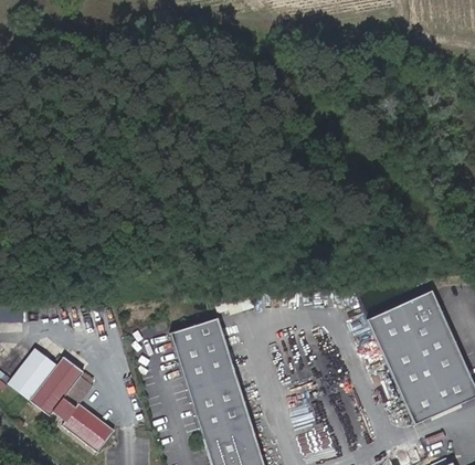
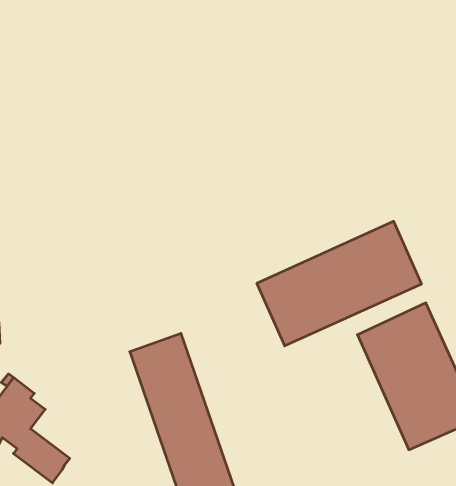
building: none -> [257,221,421,346]

